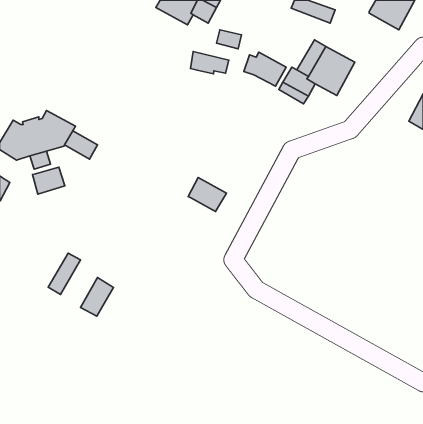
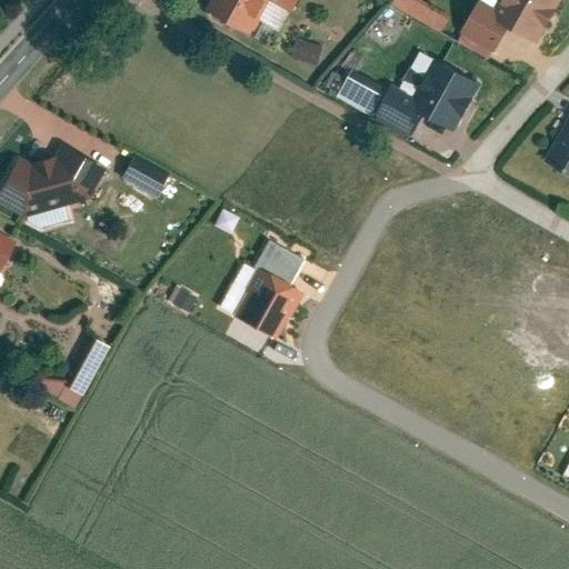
building: none -> [463,6,509,49]
building: [190,52,229,74] -> none
building: [64,131,98,159] -> [122,158,167,196]
building: [32,167,65,194] -> none
building: none -> [231,266,300,338]
building: [80,277,114,316] -> none

